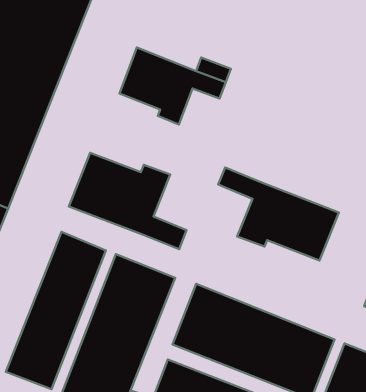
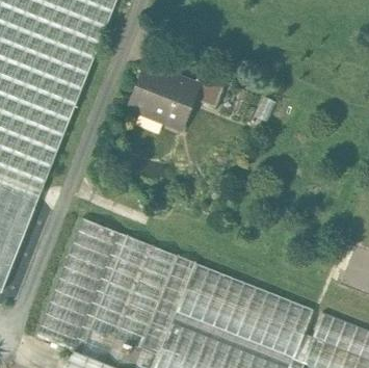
building: [69,153,186,249] -> none
building: [218,168,339,260] -> none

